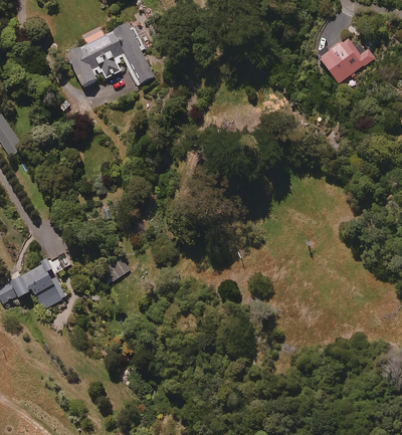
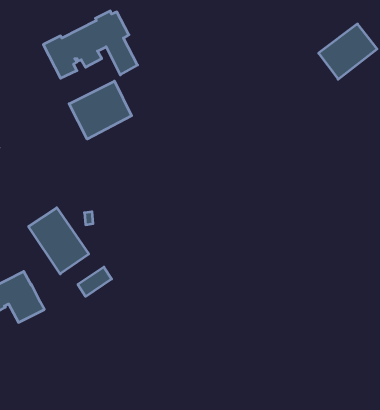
building: none -> [69,81,132,139]
building: none -> [29,208,89,274]

